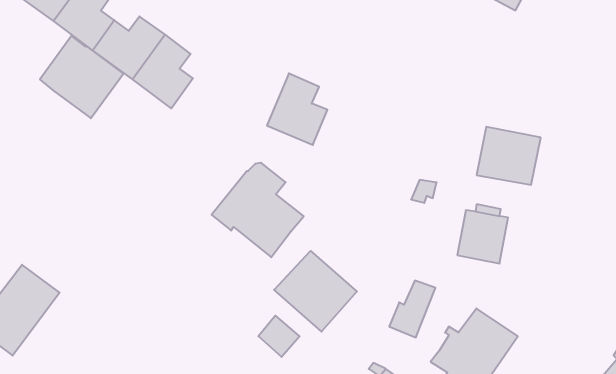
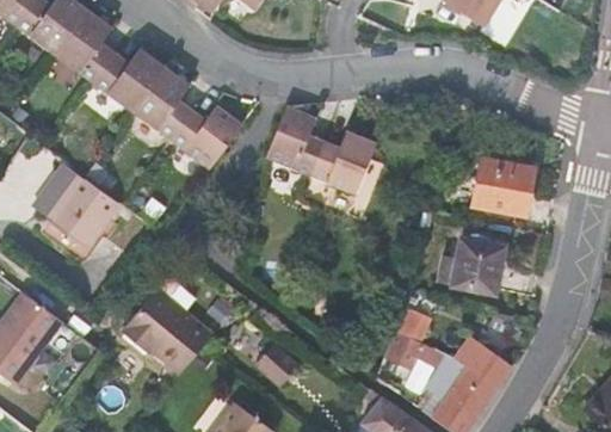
building: [40,36,124,118] -> [36,166,118,247]
building: none -> [171,105,242,168]
building: none -> [310,130,376,193]
building: [212,163,304,257] -> [123,279,214,372]
building: [274,251,357,332] -> none

